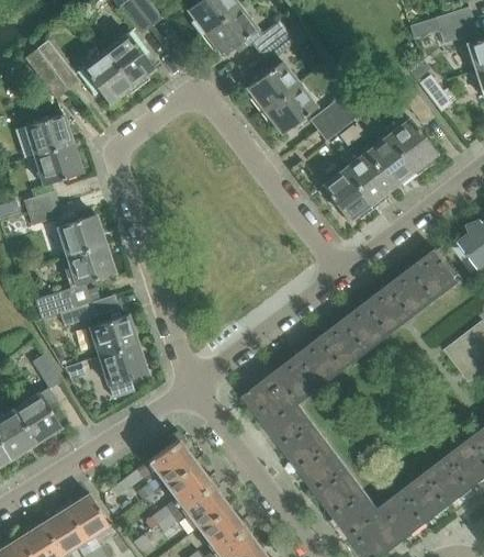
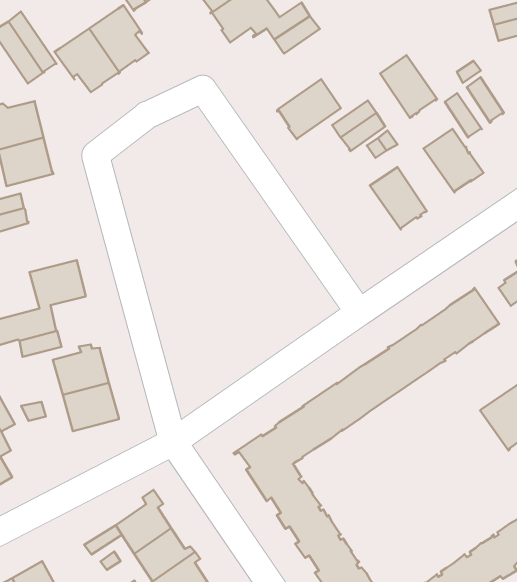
building: [246,60,299,111] -> none
building: [365,136,414,188] -> [380,55,437,118]
building: [320,169,371,222] -> none
building: [57,214,104,256] -> none

